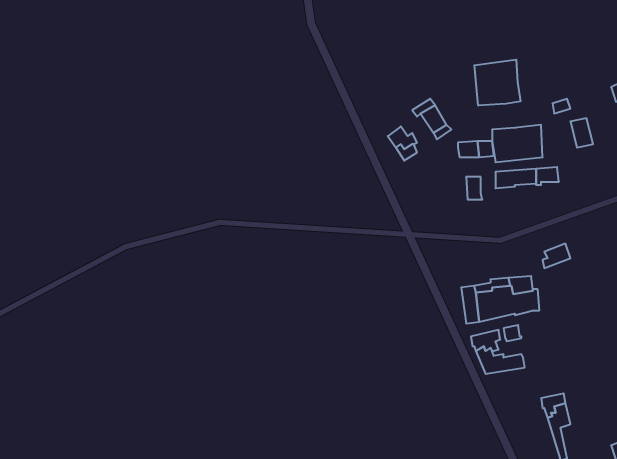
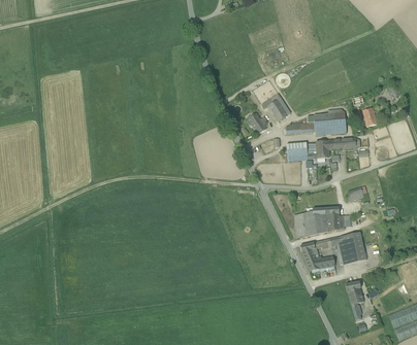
building: [474,60,520,106] -> none
building: none -> [333,232,366,265]

